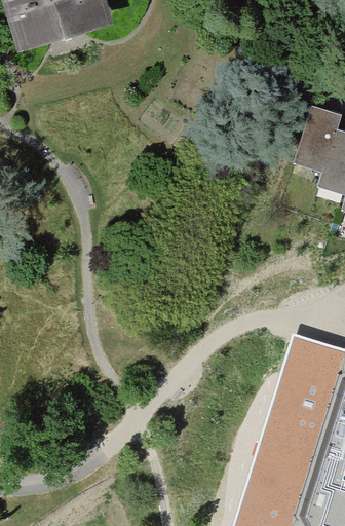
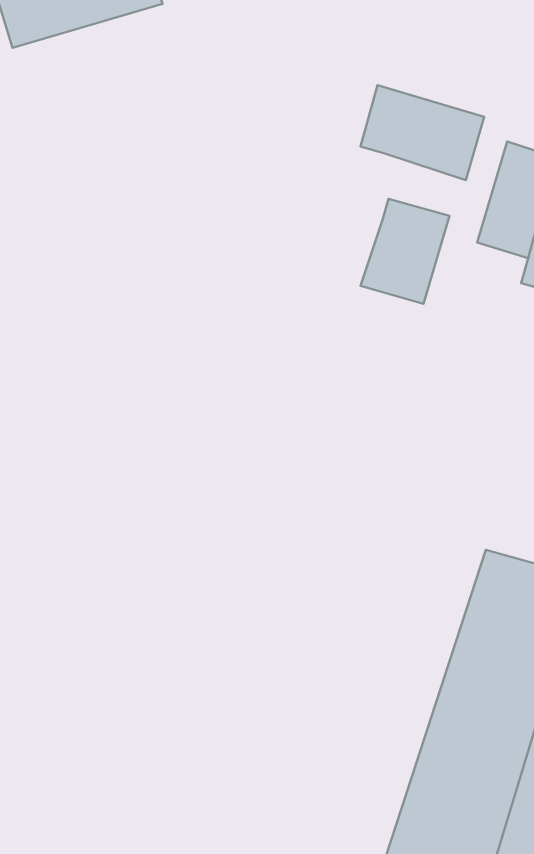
building: none -> [361,85,484,180]
building: none -> [361,199,450,304]

